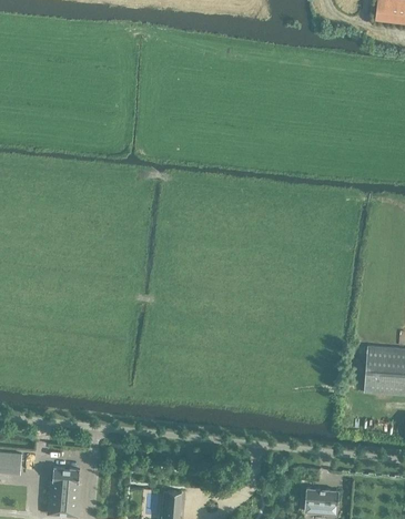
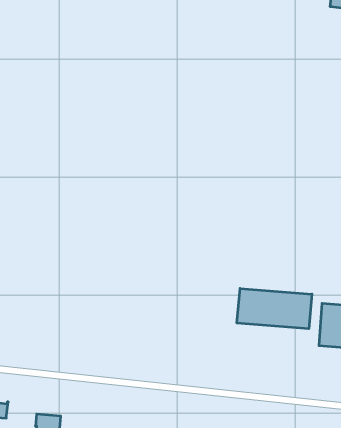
building: none -> [237,288,312,329]

